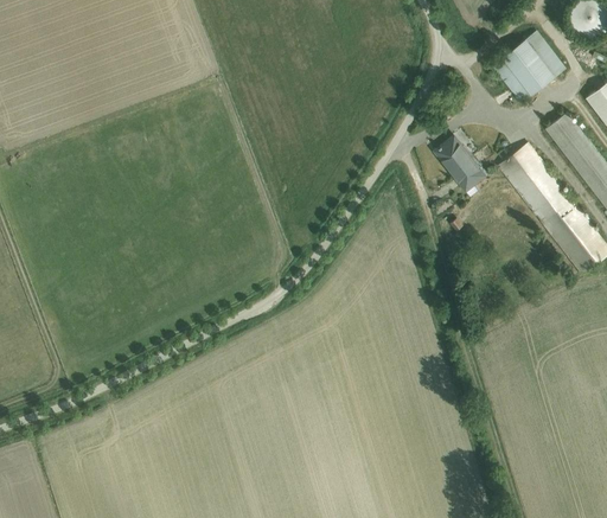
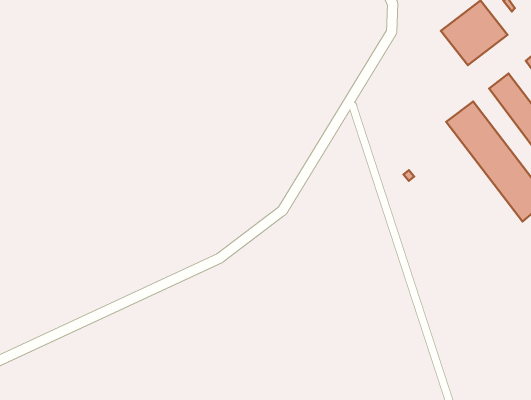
building: [435,136,486,196] -> none

